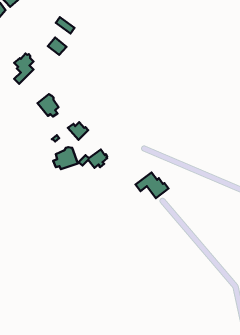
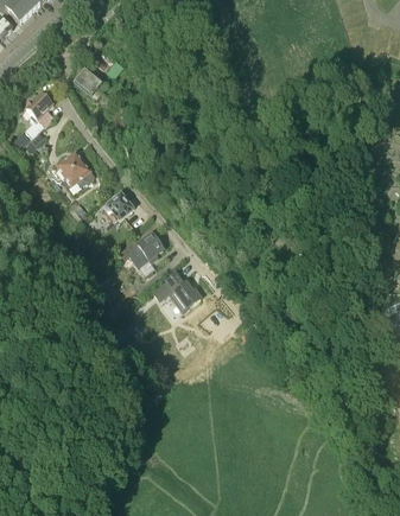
building: [53,147,78,169] -> none
building: [136,173,169,198] -> [151,274,199,312]

